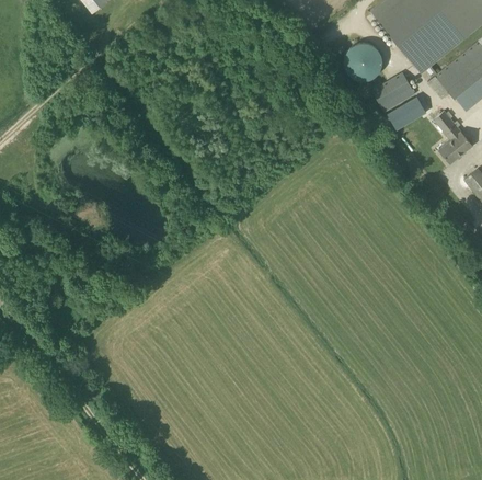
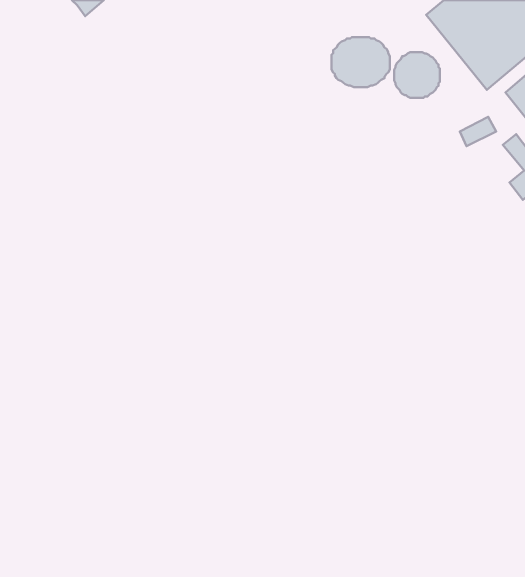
building: none -> [331,37,390,87]
building: [372,73,416,113] -> none

